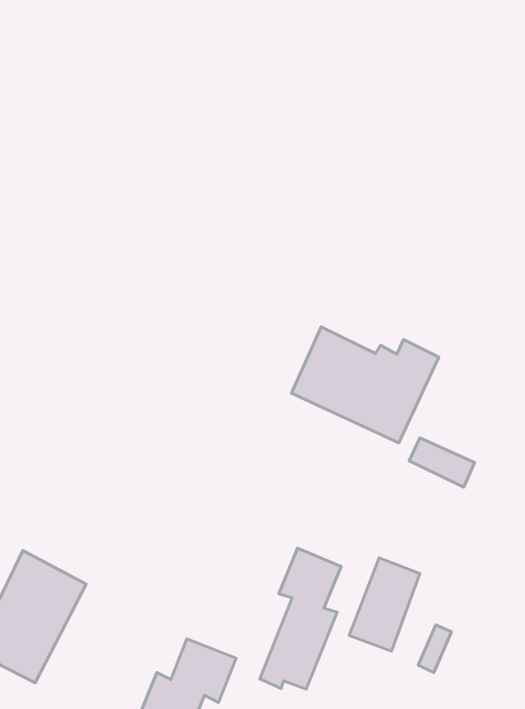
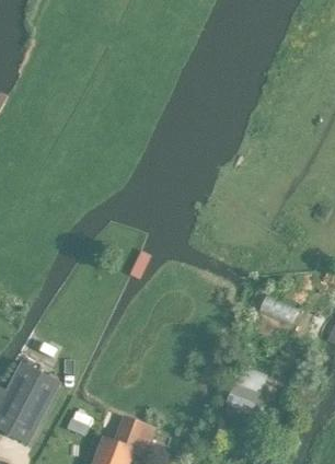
building: [291,327,439,443] -> none
building: [260,548,341,689] -> none

